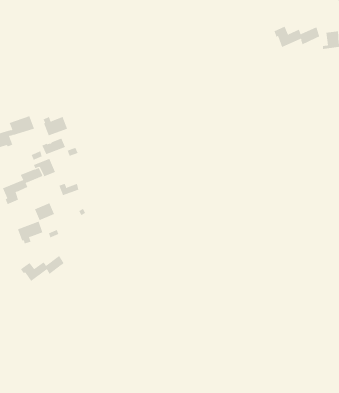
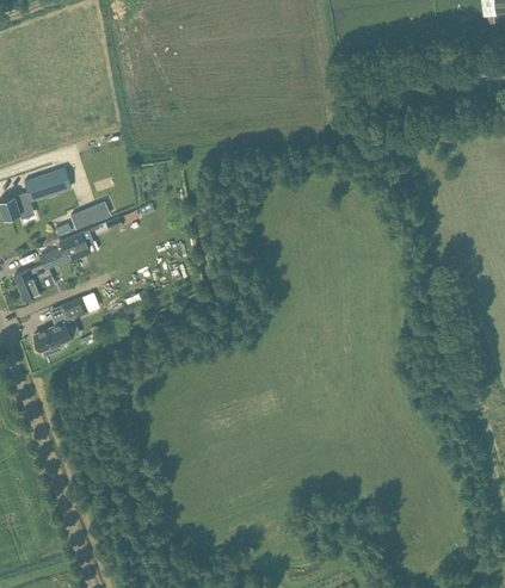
building: [274,26,320,48] -> none
building: [43,116,68,136] -> none
building: [20,255,64,282] -> none

